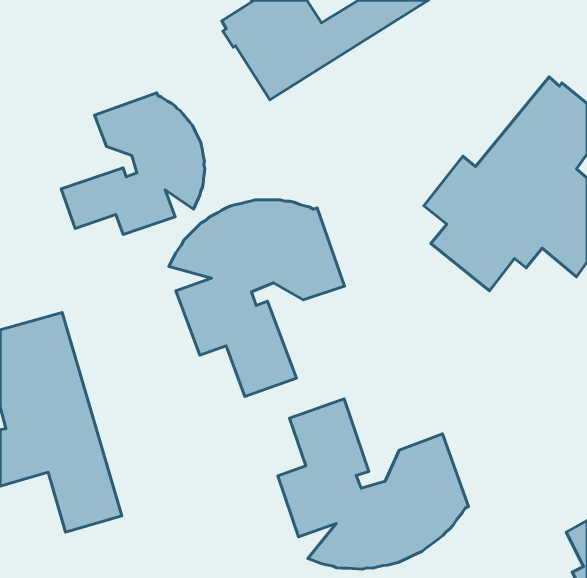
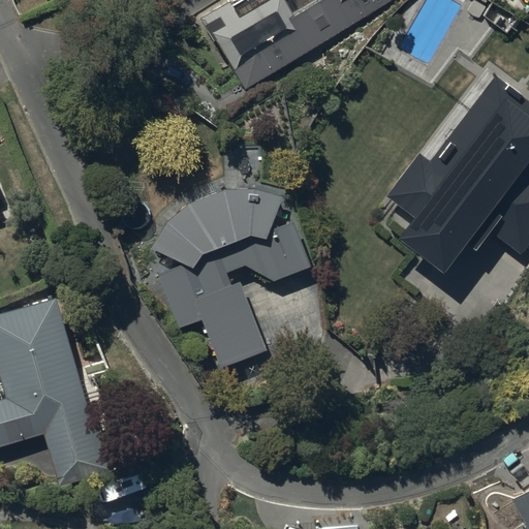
building: [61,93,205,234] -> none
building: [278,399,469,569] -> none

